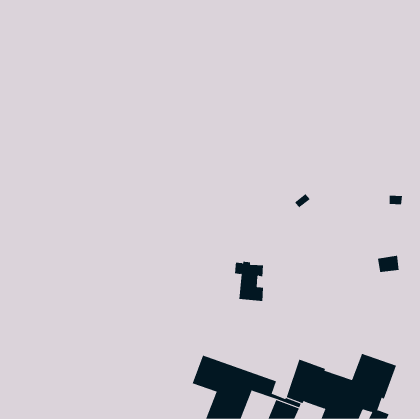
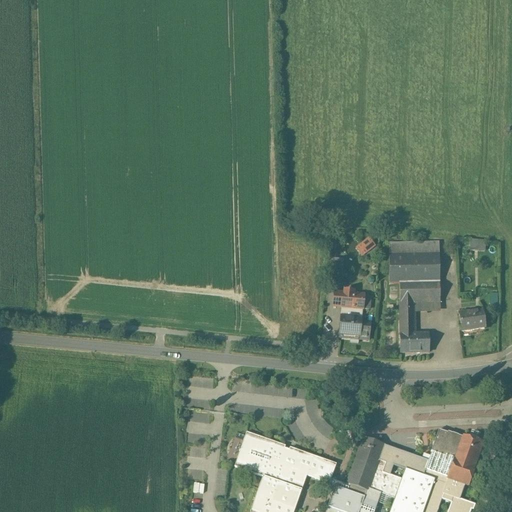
building: none -> [389,242,440,352]
building: [234,261,264,302] -> [334,290,370,339]

